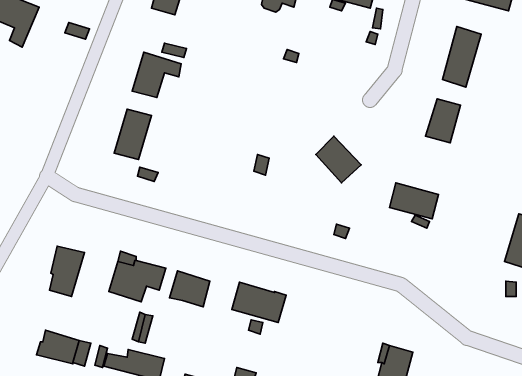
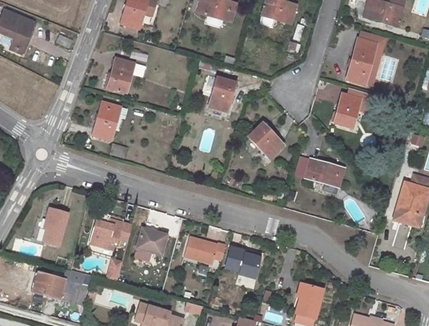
building: none -> [358,31,386,86]
building: none -> [209,76,236,111]
building: none -> [225,246,260,278]

